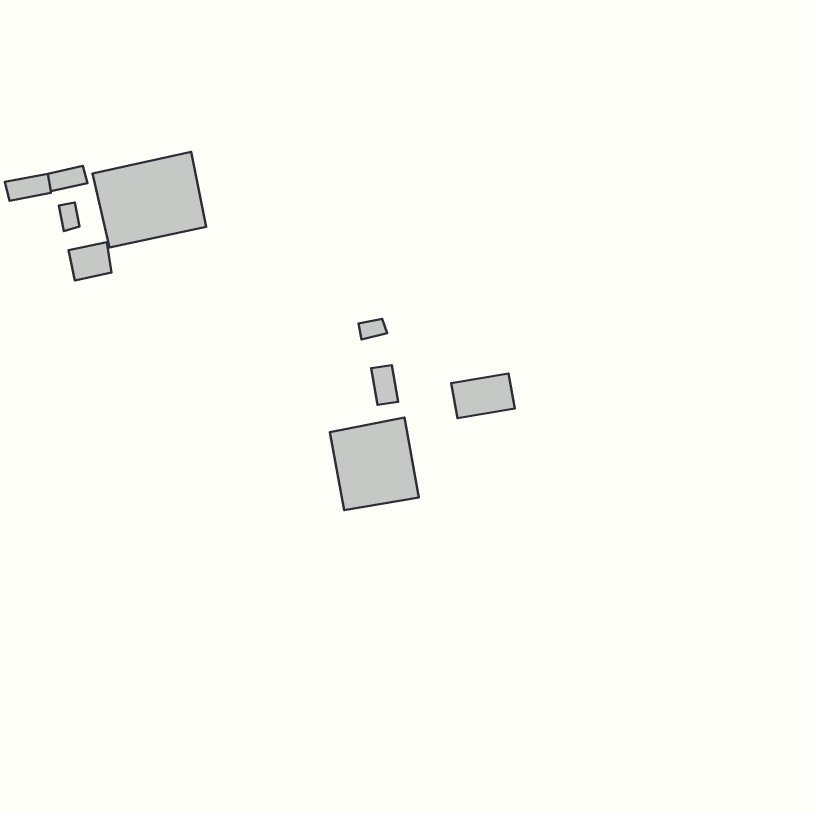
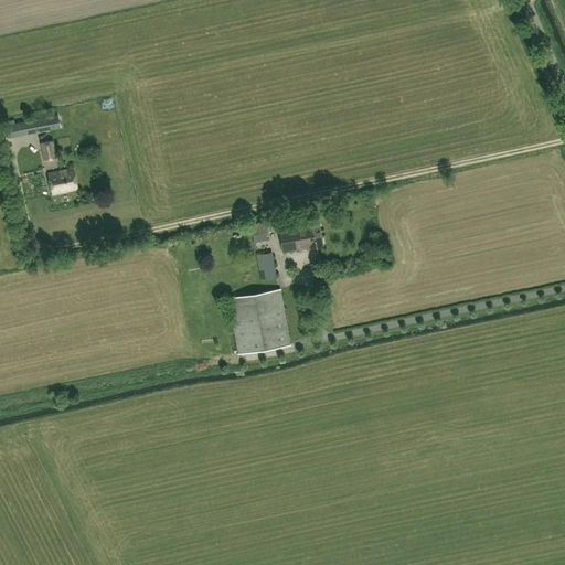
building: [93,152,206,248] -> none
building: [451,373,515,418] -> [278,223,322,254]

